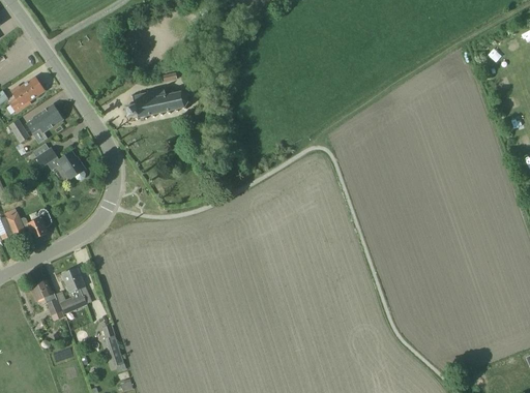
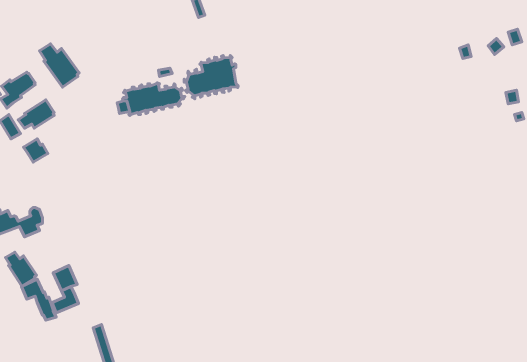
building: none -> [39,44,79,87]
building: none -> [184,55,238,99]
building: [58,151,85,178] -> none
building: none -> [6,252,36,286]

